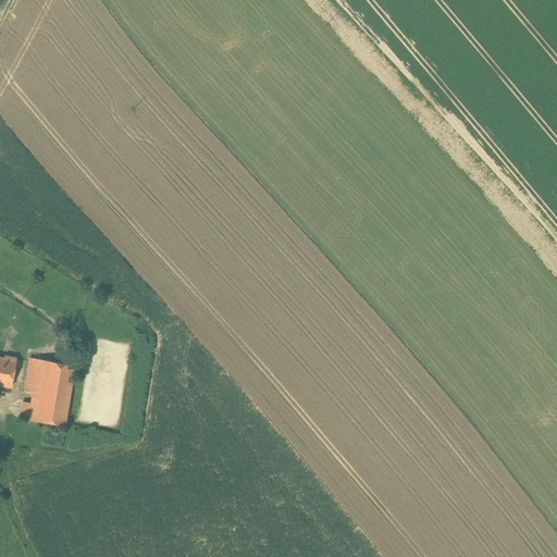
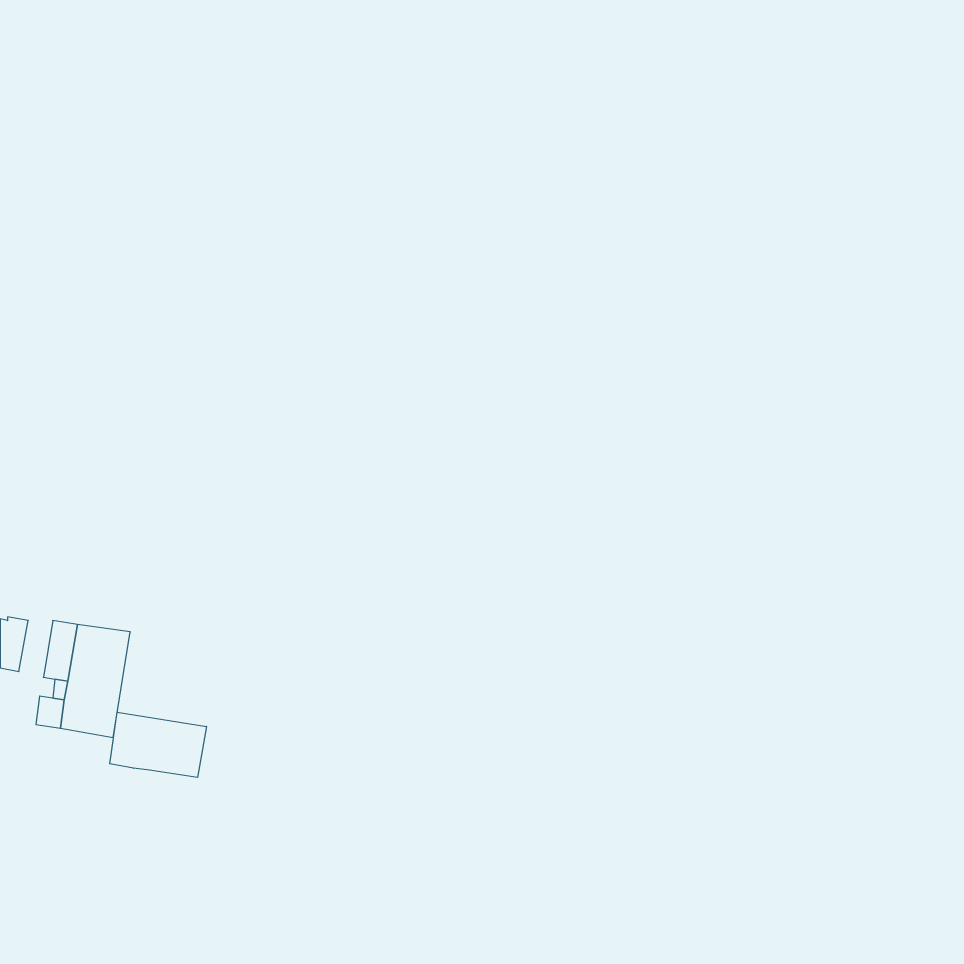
building: none -> [110,712,206,777]

